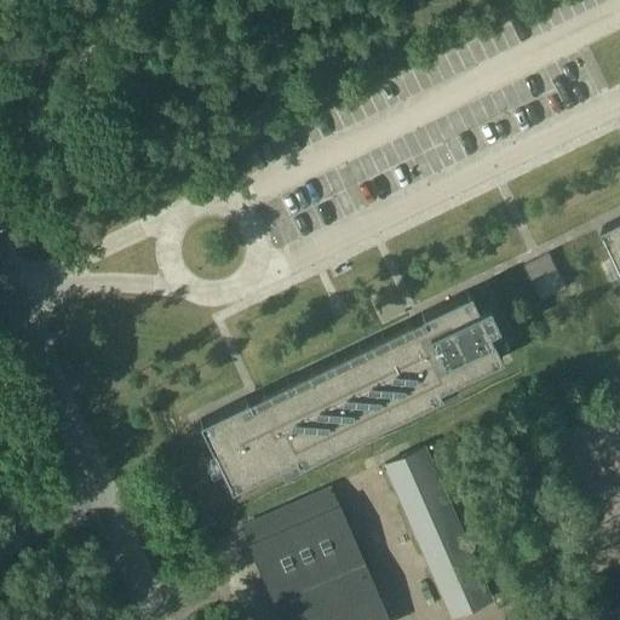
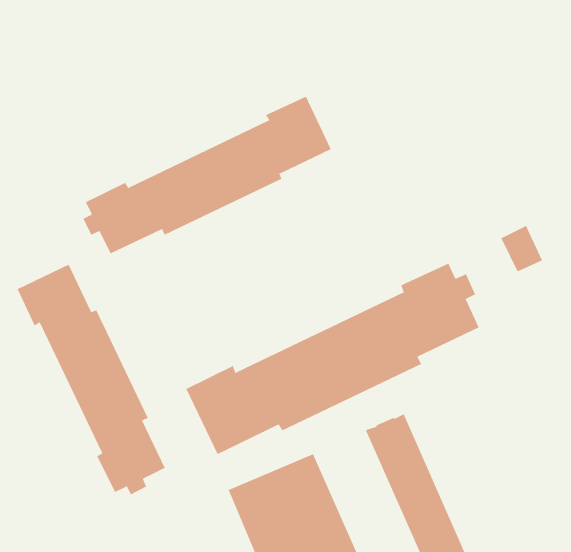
building: none -> [82,96,332,254]
building: none -> [17,264,166,495]

